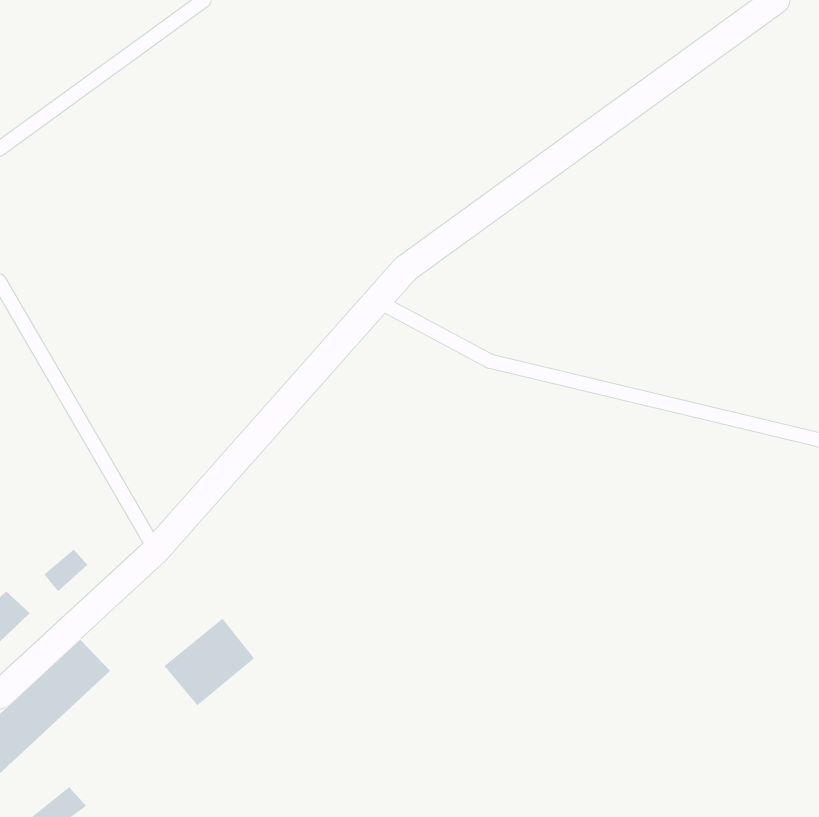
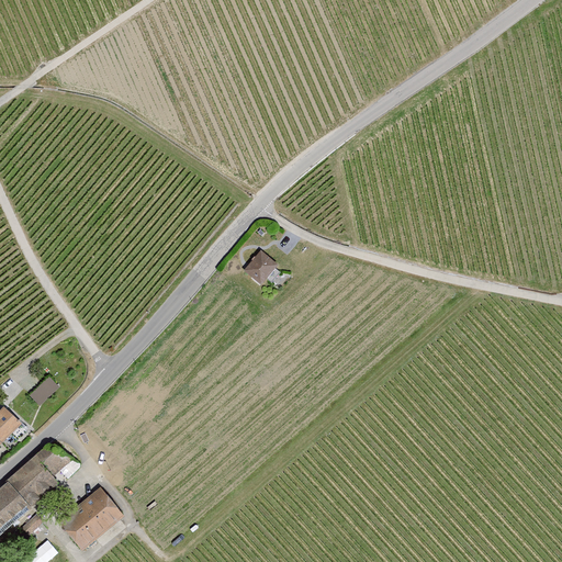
building: none -> [240,251,276,288]
building: [163,618,255,706] -> [60,488,123,549]

